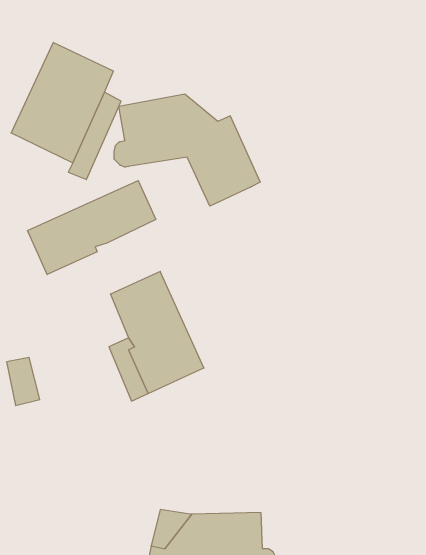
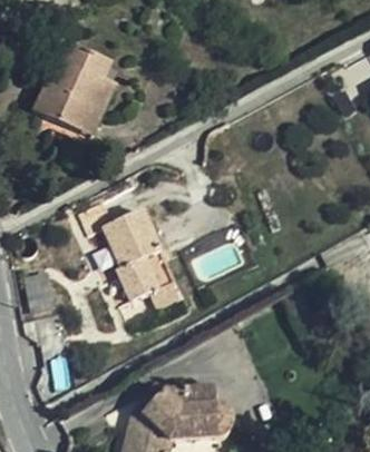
building: [114,94,260,206] -> none
building: [28,181,156,275] -> none

